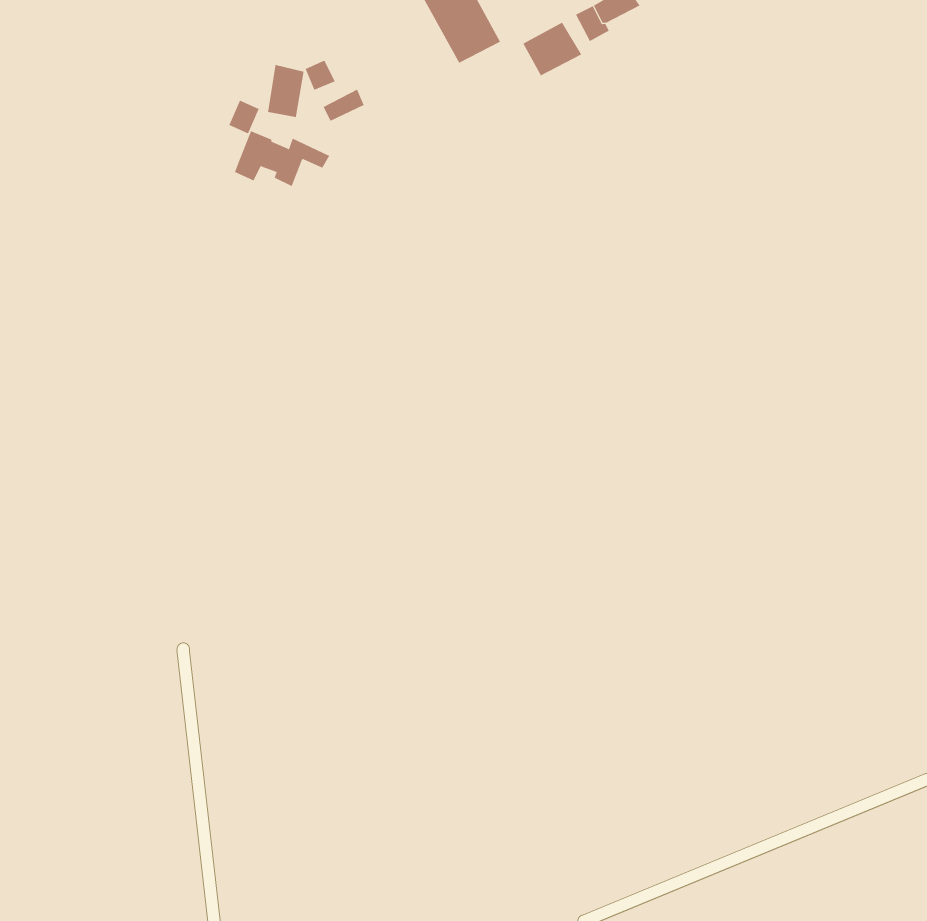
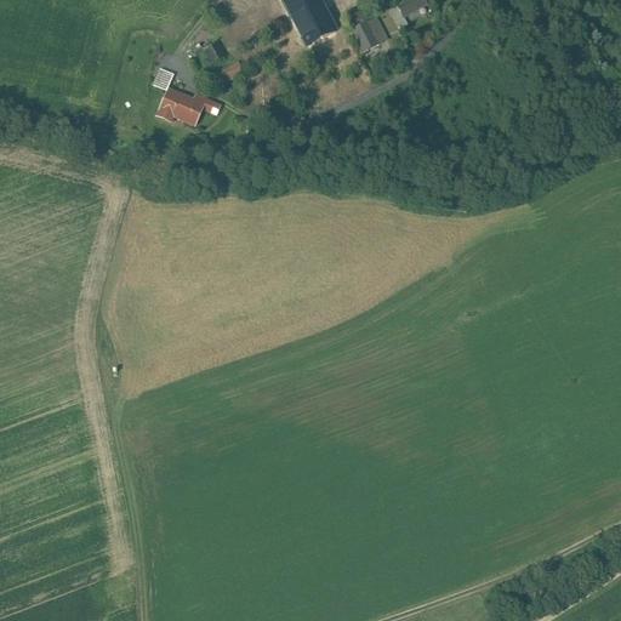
building: [268,64,304,118] -> none

